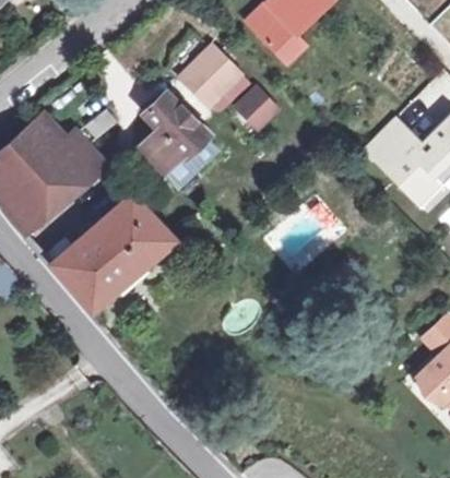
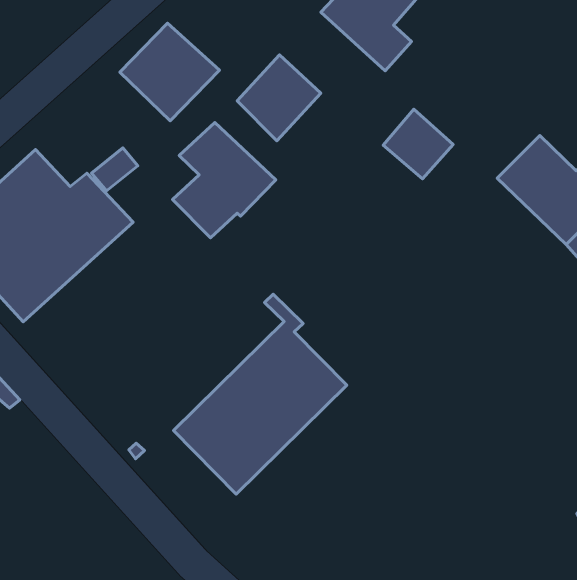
building: none -> [120,23,219,121]
building: [230,82,280,131] -> [383,109,453,179]
building: [51,177,175,315] -> [173,294,347,494]

